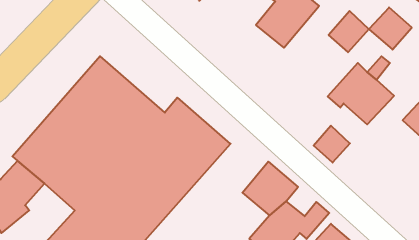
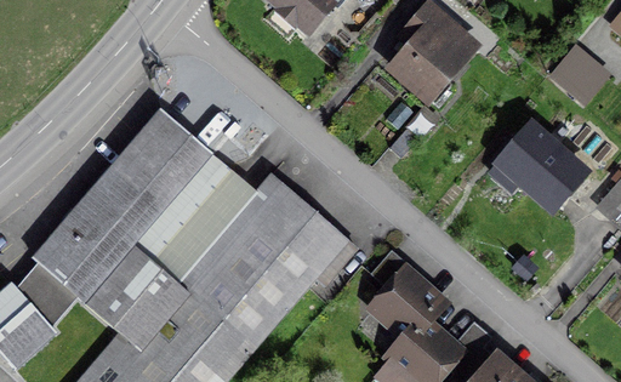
building: [329,11,369,52] -> none
building: [314,126,350,163] -> none

